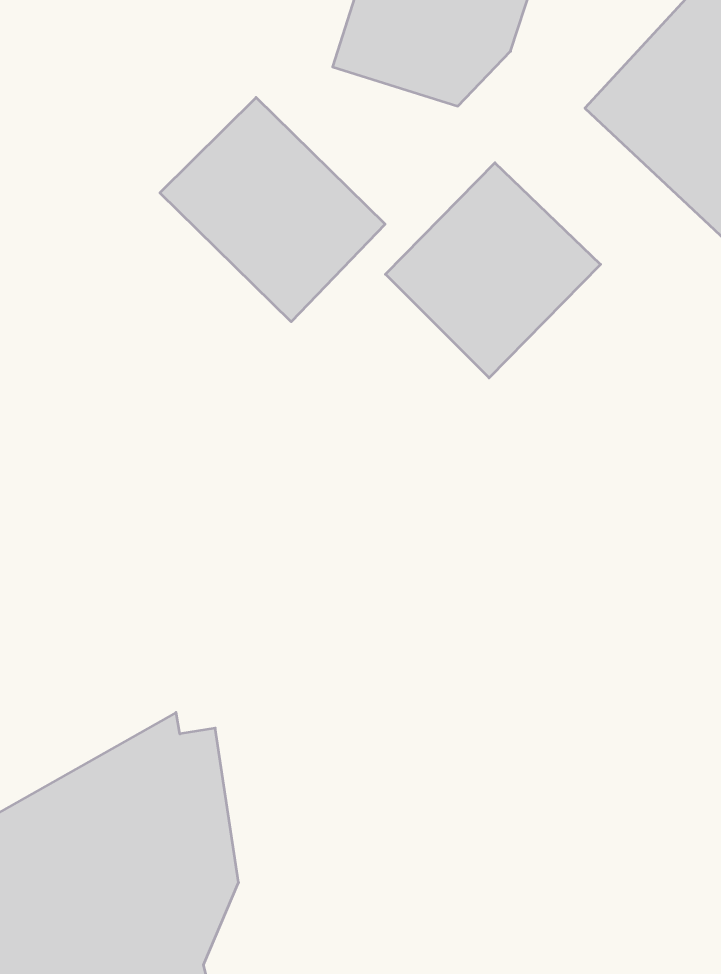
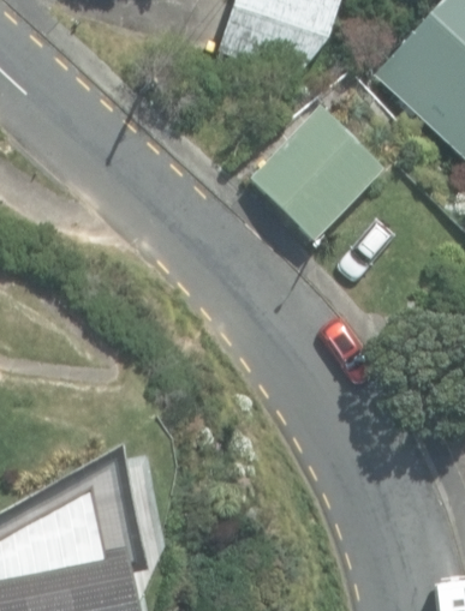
building: [160,97,385,322] -> none

